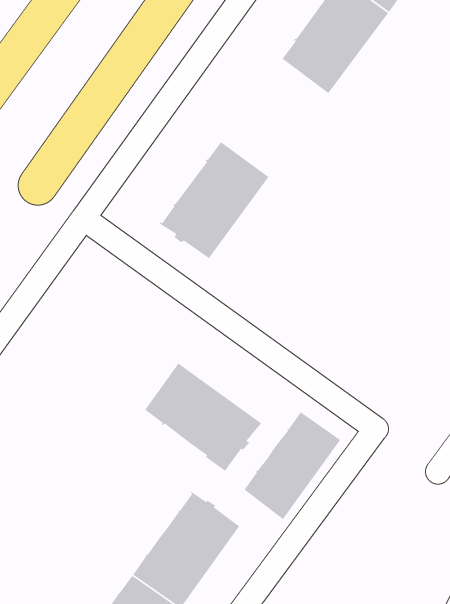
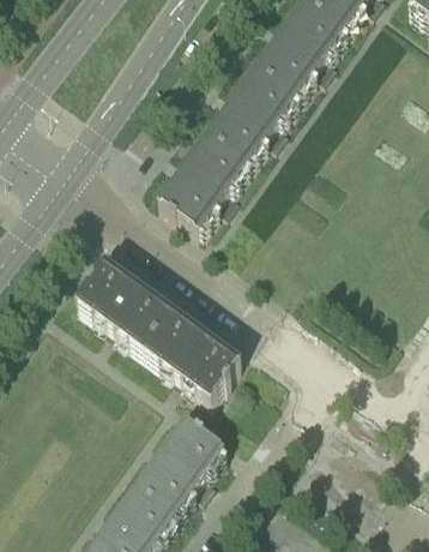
building: none -> [207,66,295,162]
building: none -> [77,264,173,352]
building: [244,411,341,520] -> none

